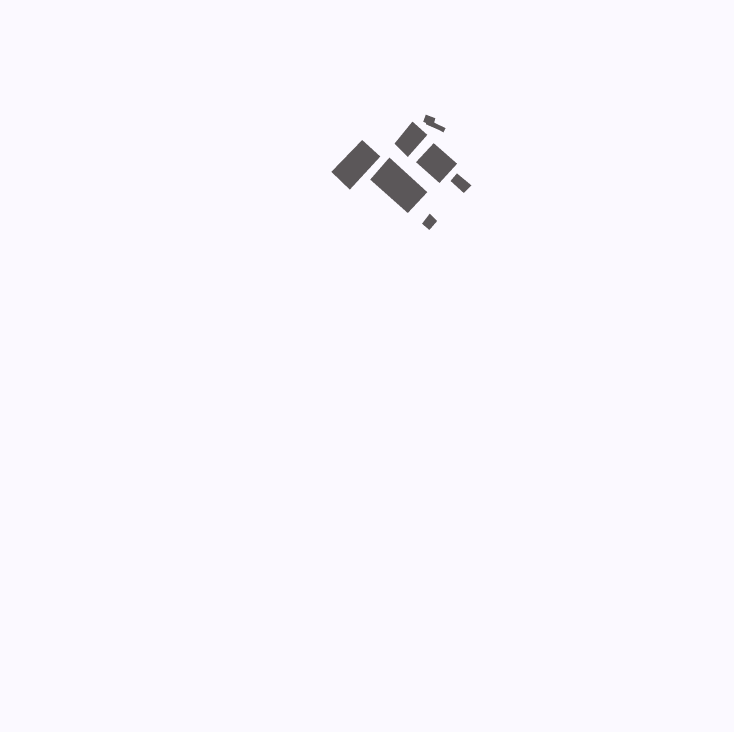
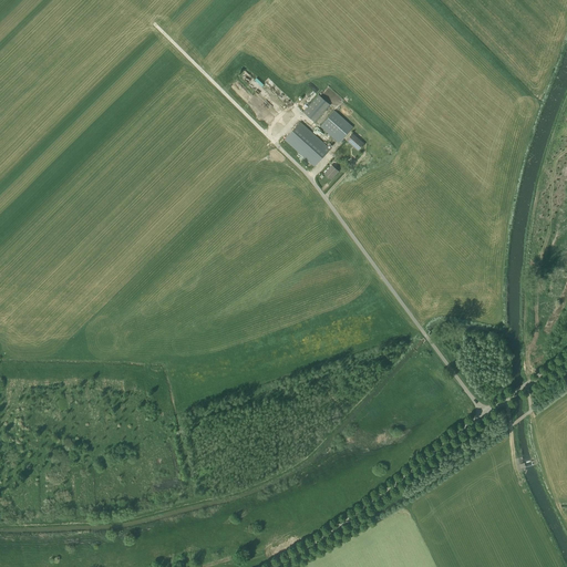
building: [331,139,381,191] -> none

